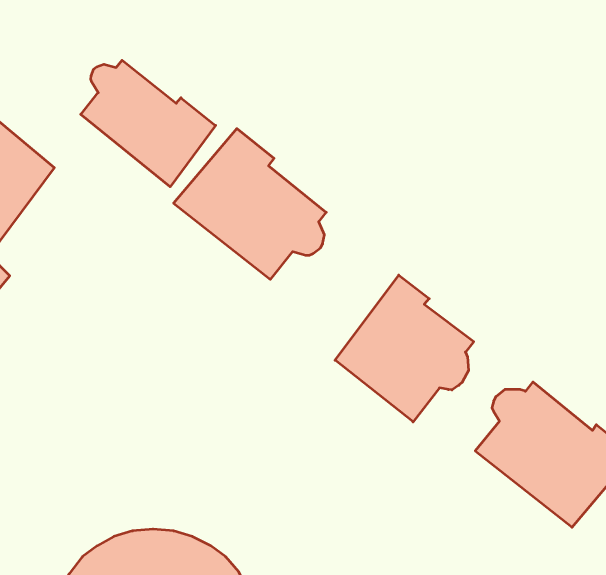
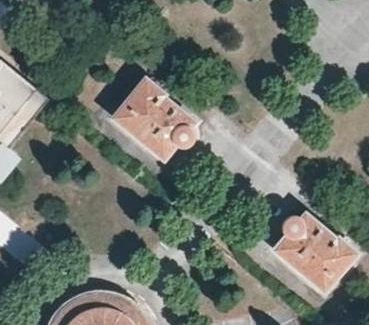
building: [81,60,216,187] -> none
building: [335,275,474,422] -> none

